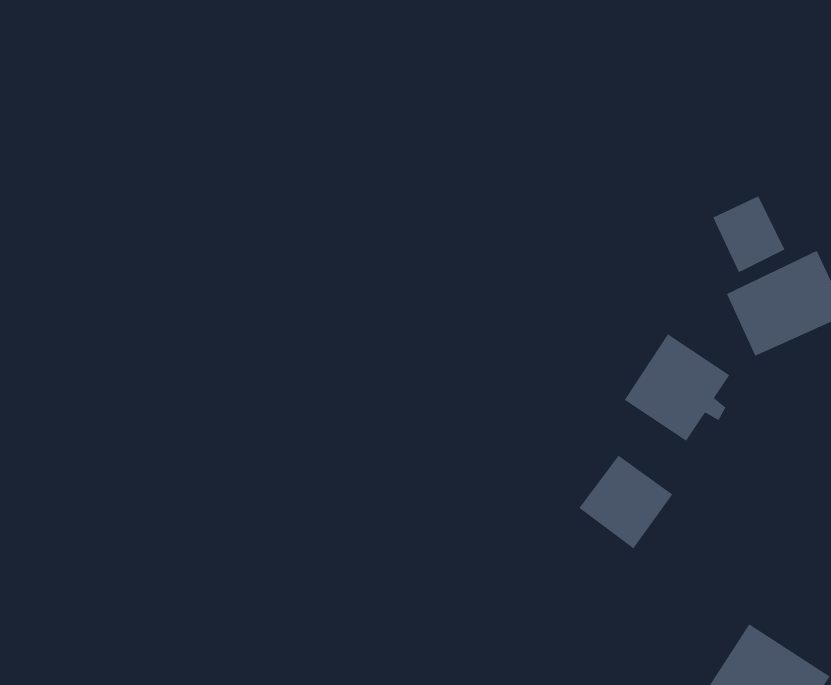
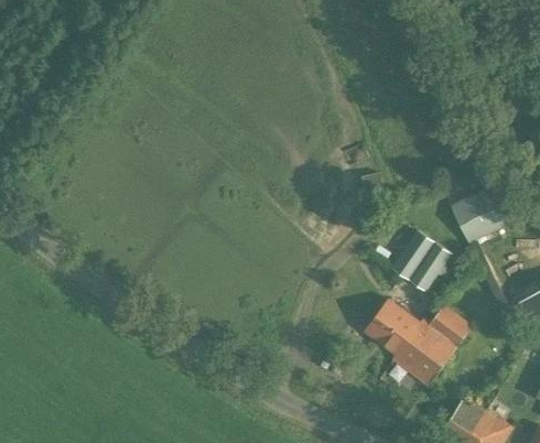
building: [712,196,785,273] -> none
building: none -> [392,305,472,385]

